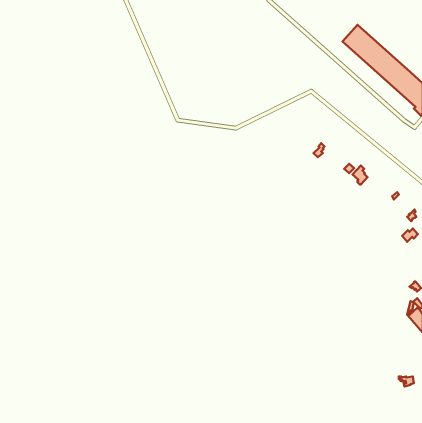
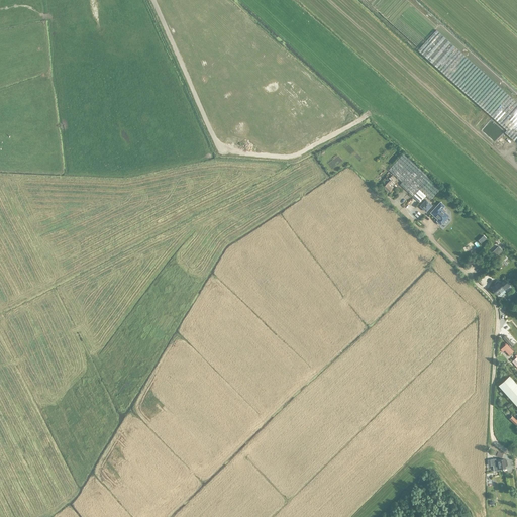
building: none -> [390,153,442,203]

